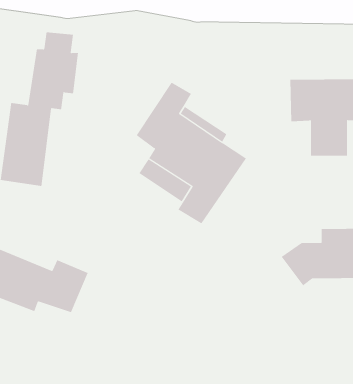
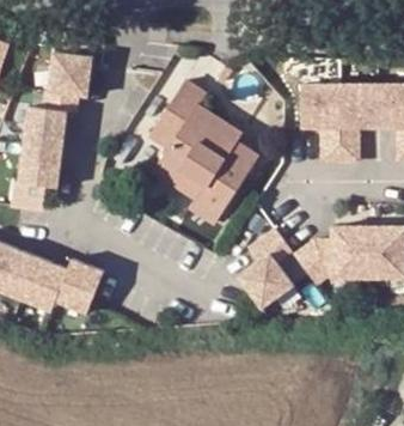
building: none -> [238,227,293,306]

